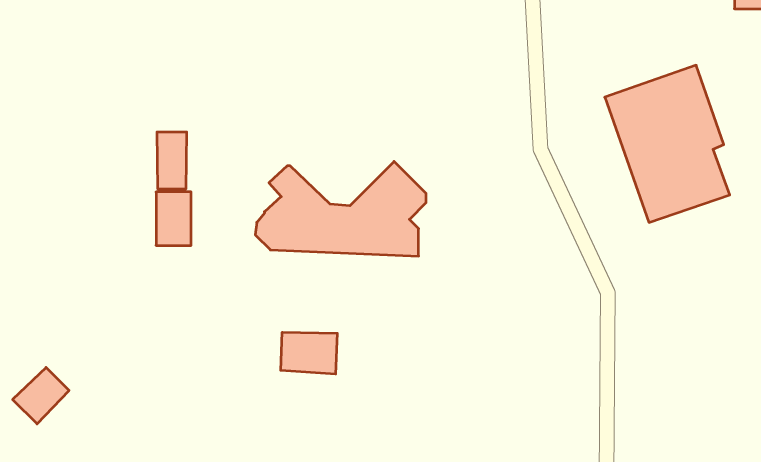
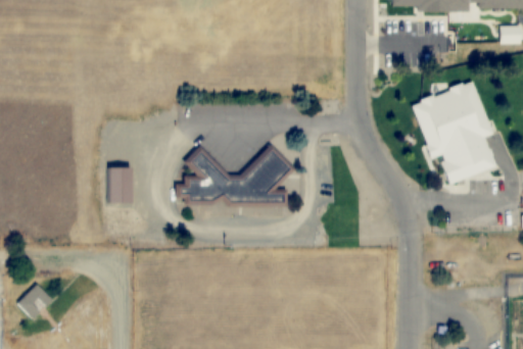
building: [157,132,187,189] -> none
building: [281,332,337,374] -> none

